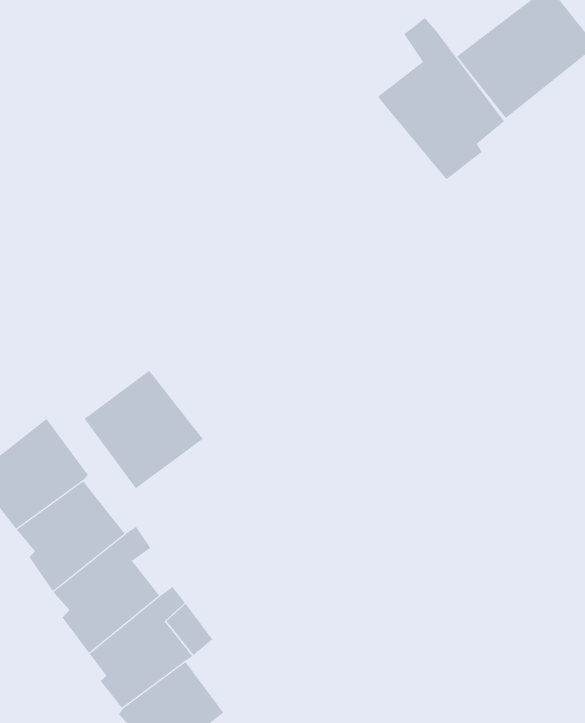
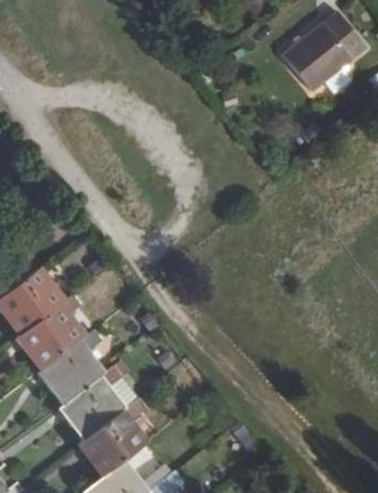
building: [377,17,505,180] -> none
building: [84,370,203,489] -> none

